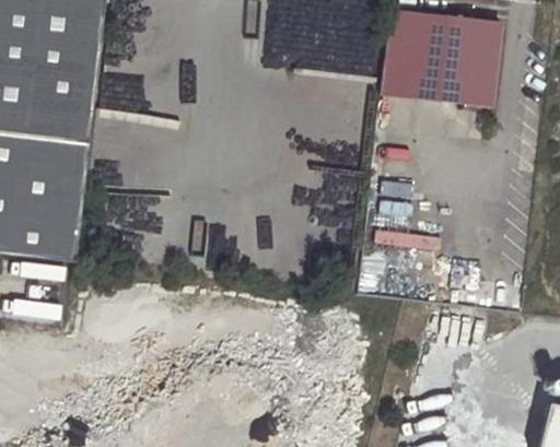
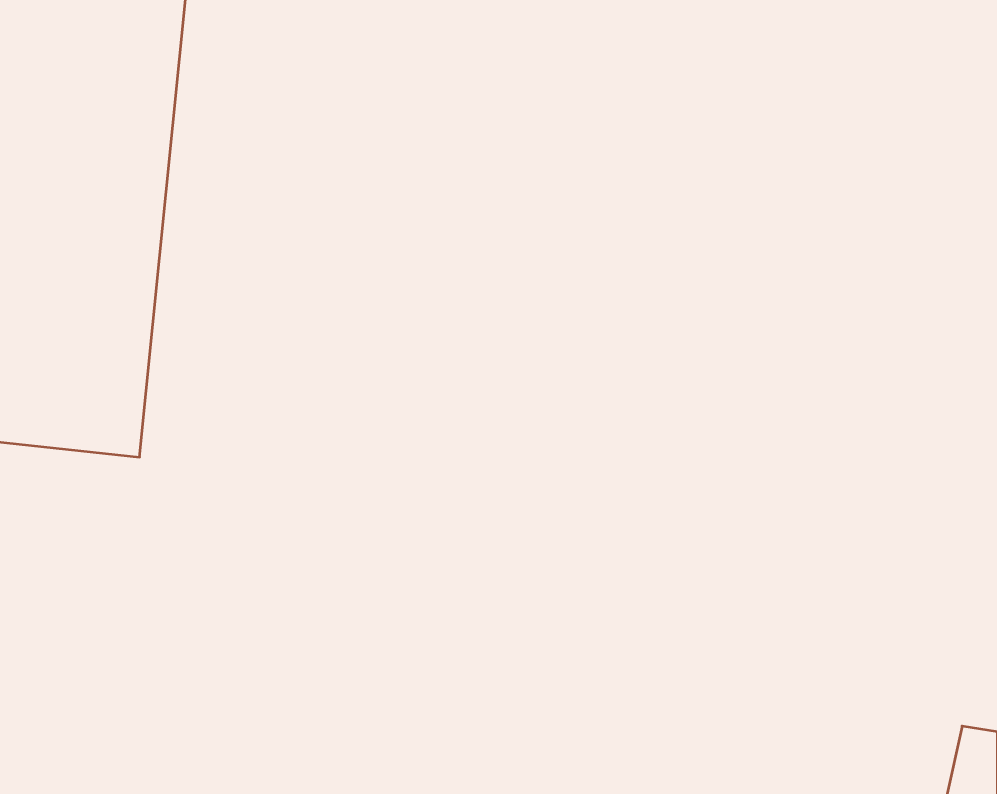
building: [381,12,500,106] -> none

